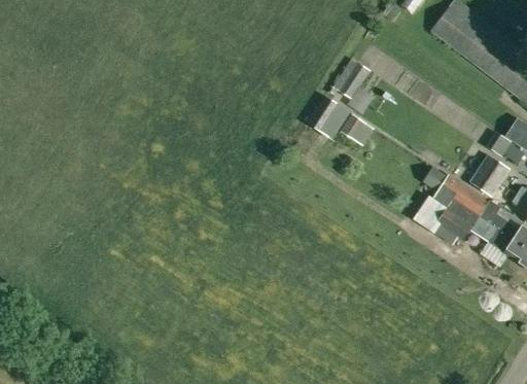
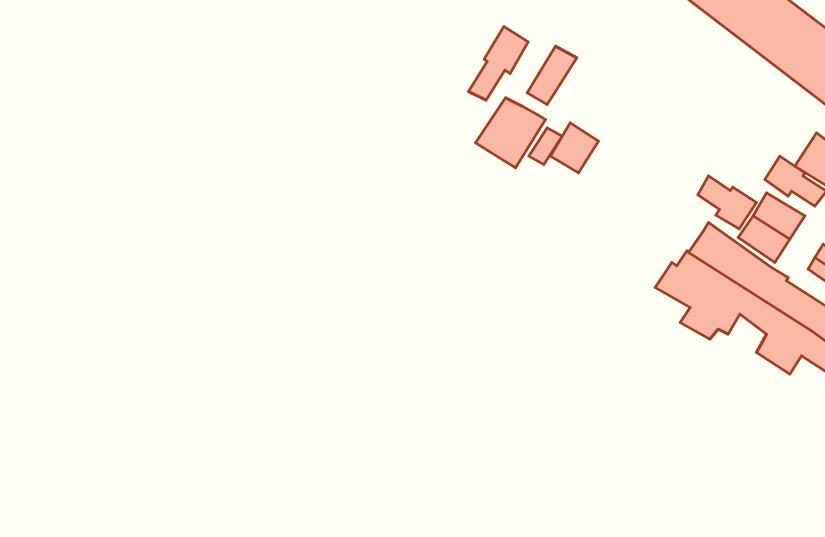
building: none -> [468,27,528,100]
building: none -> [698,176,756,229]

